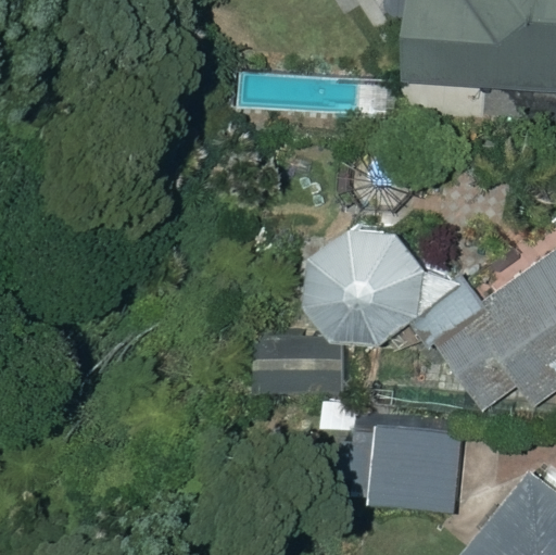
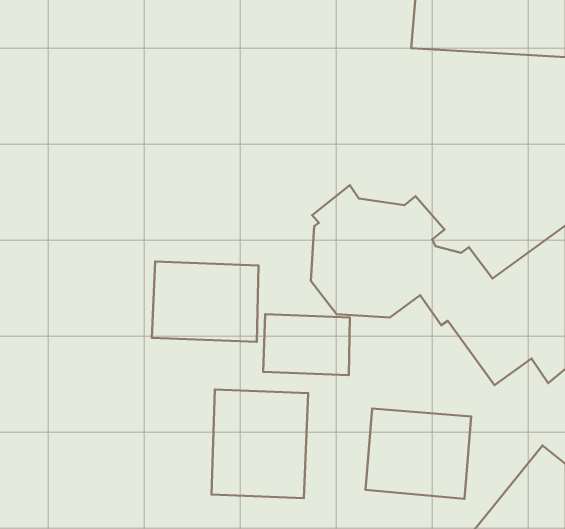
building: none -> [152,261,259,342]
building: none -> [212,390,308,498]

